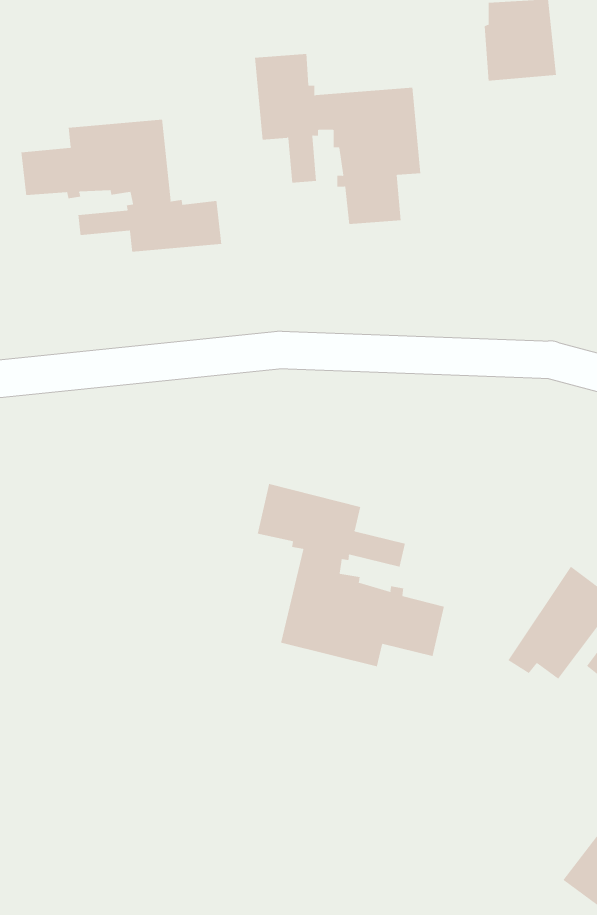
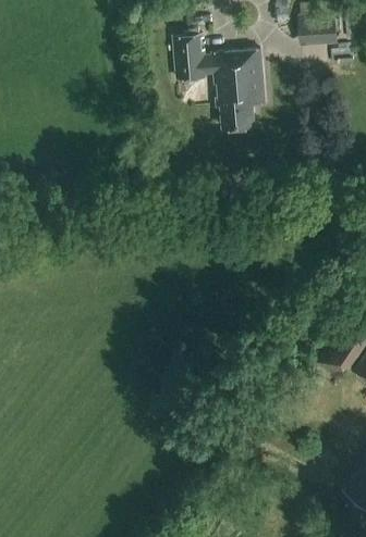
building: [21,119,222,252] -> none
building: [257,483,445,667] -> none

